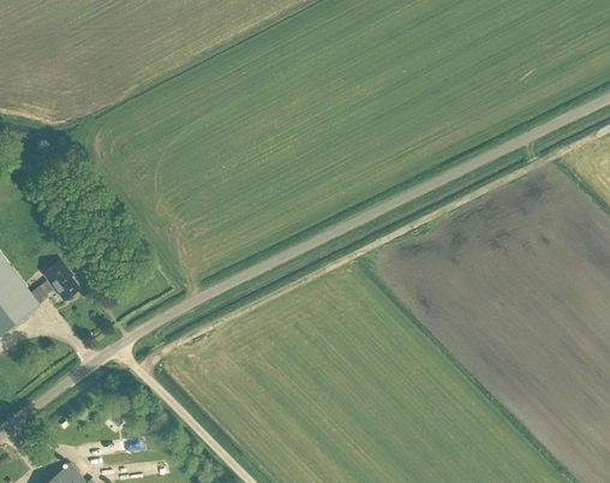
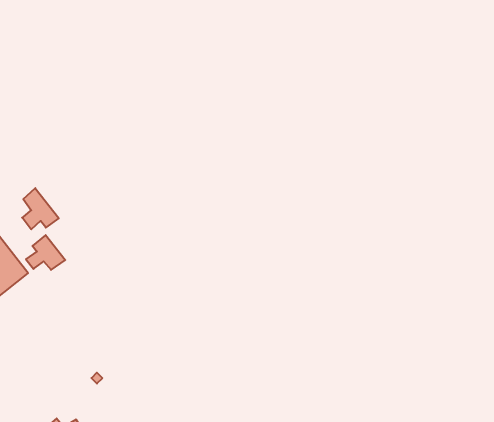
building: none -> [22,188,59,229]

